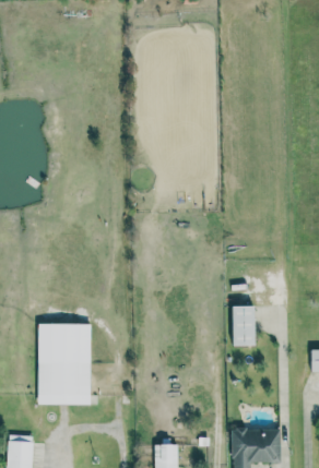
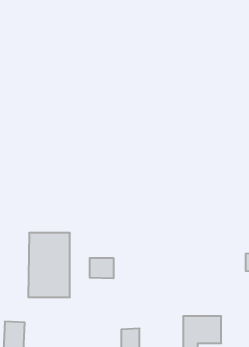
building: [232,304,256,345] -> none
building: none -> [90,258,113,278]

